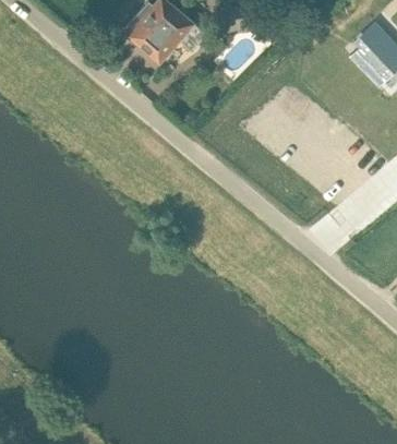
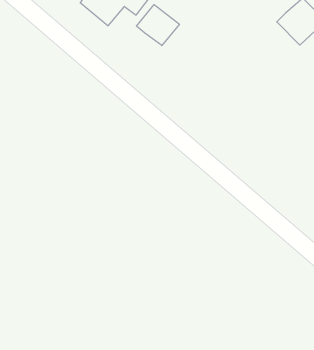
building: none -> [136,5,179,46]

